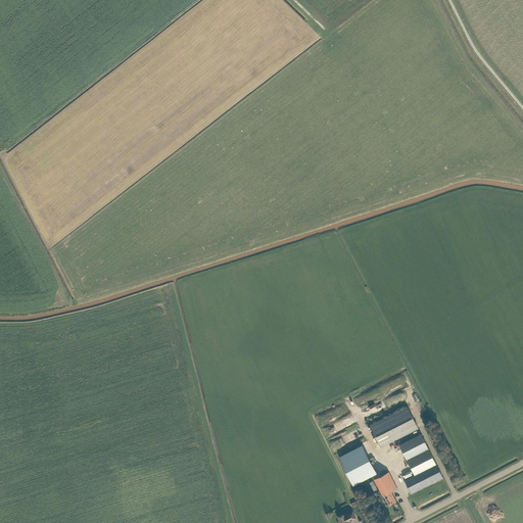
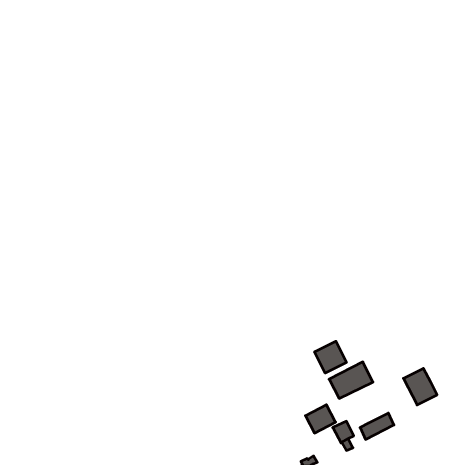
building: none -> [315,341,346,373]
building: [397,434,435,475] -> [403,368,437,405]

